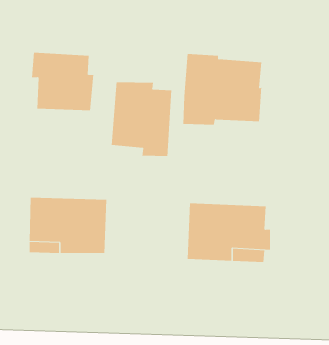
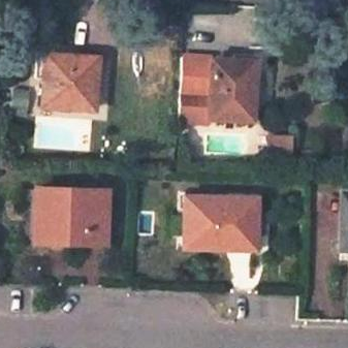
building: [111,81,172,157] -> none

